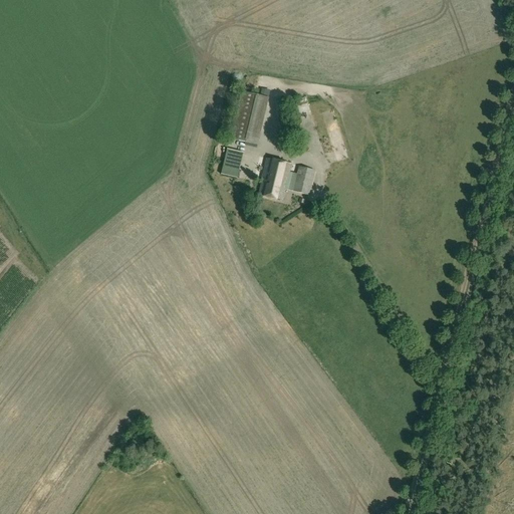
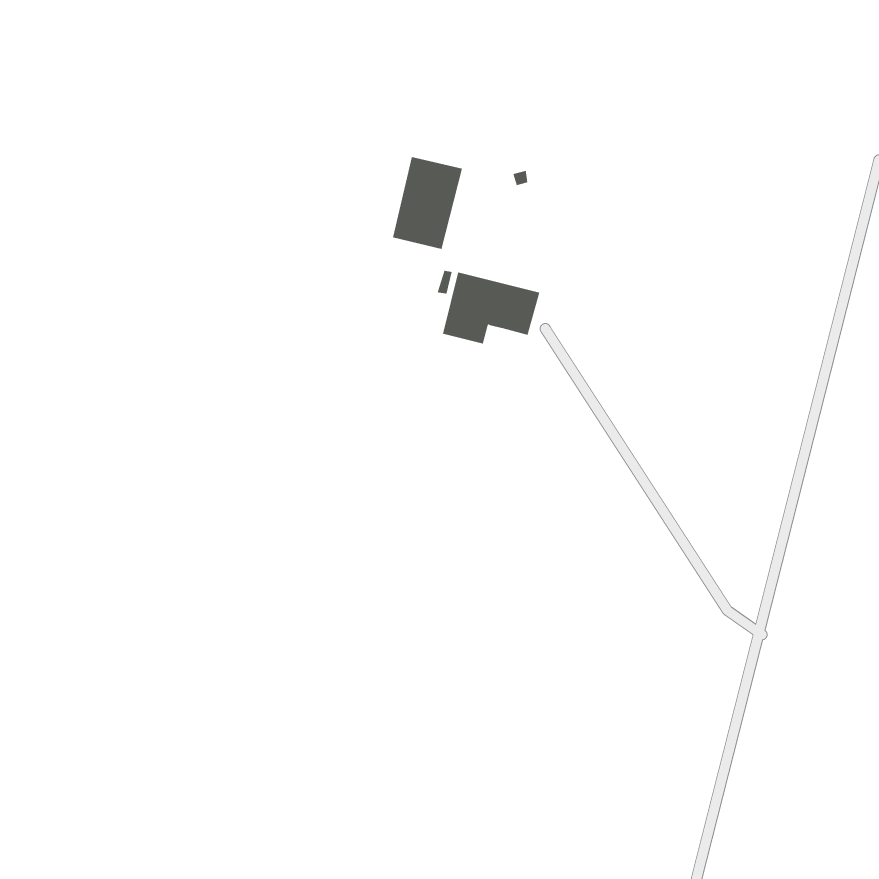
building: [223,148,243,175] -> none

